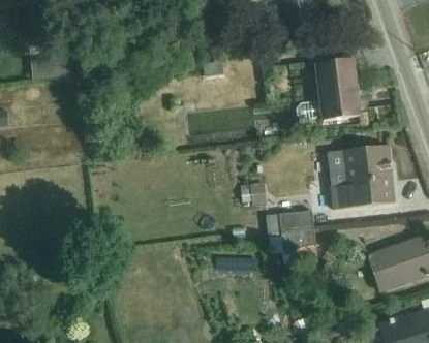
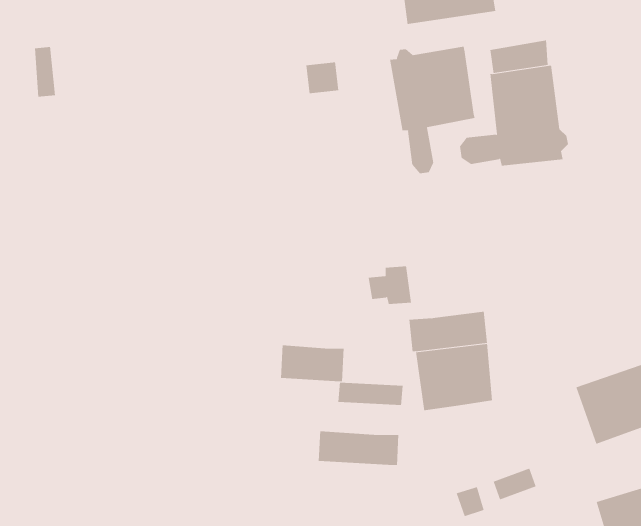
building: none -> [389,46,475,174]
building: [330,146,394,210] -> none
building: none -> [281,344,344,382]
building: none -> [318,430,399,466]

